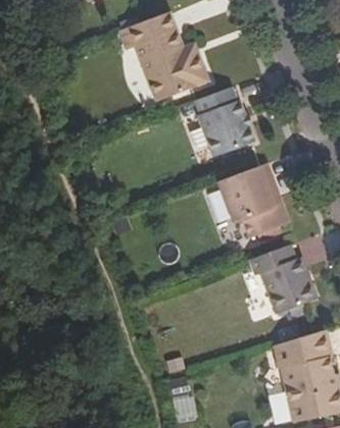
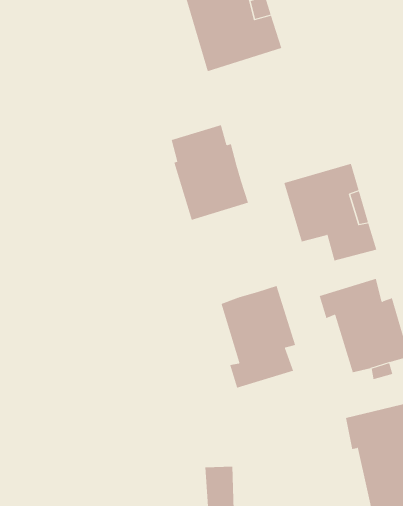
building: [194,89,253,159] -> [171,125,249,220]
building: none -> [221,285,296,388]

